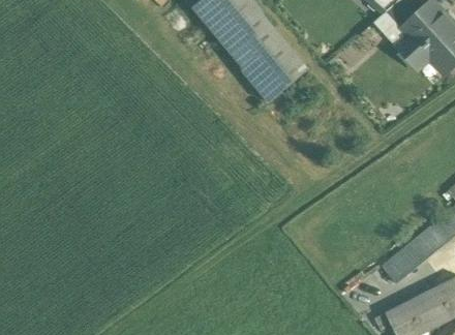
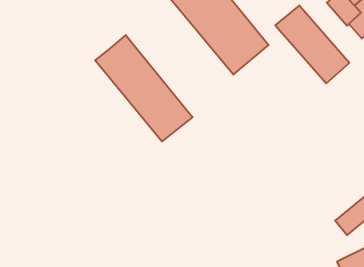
building: none -> [275,5,349,83]
building: none -> [95,35,193,141]

